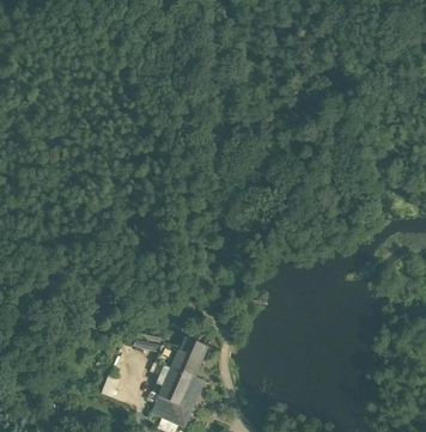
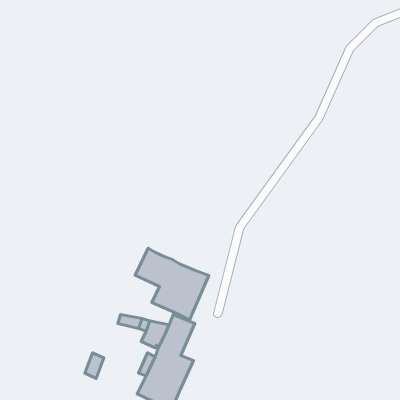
building: none -> [135,248,209,321]

